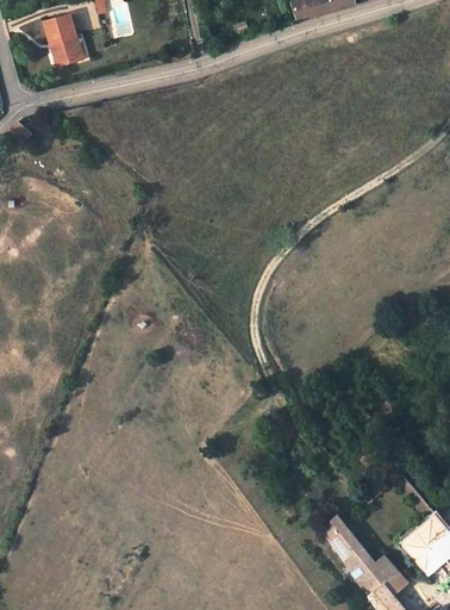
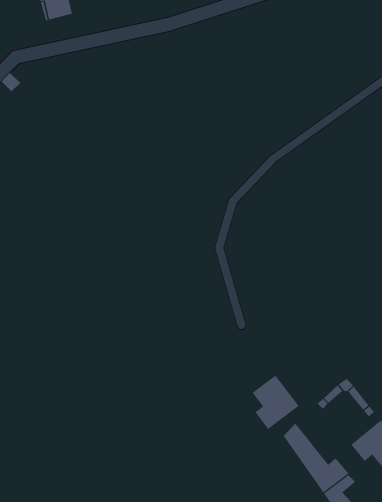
building: none -> [252,375,299,430]

